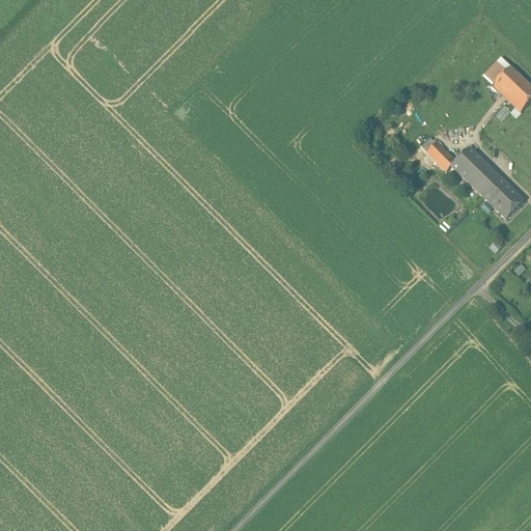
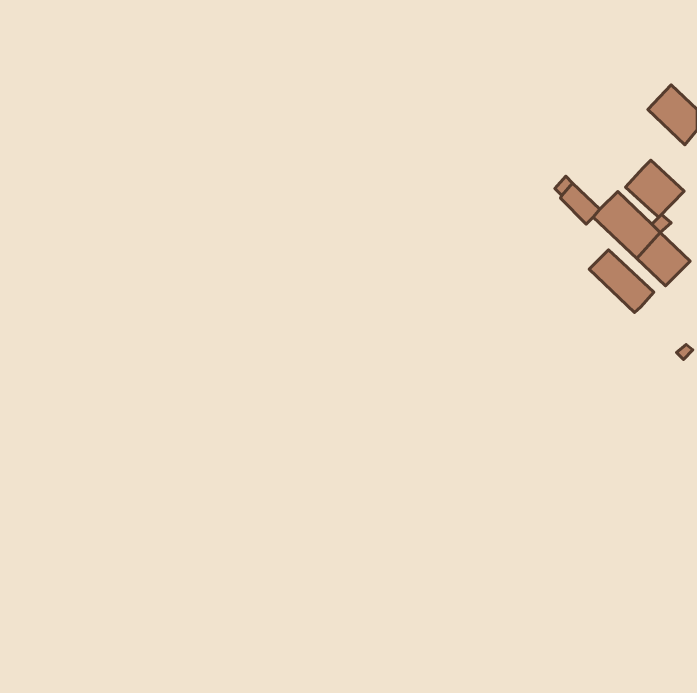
building: none -> [626,160,684,217]
building: none -> [589,250,654,313]

